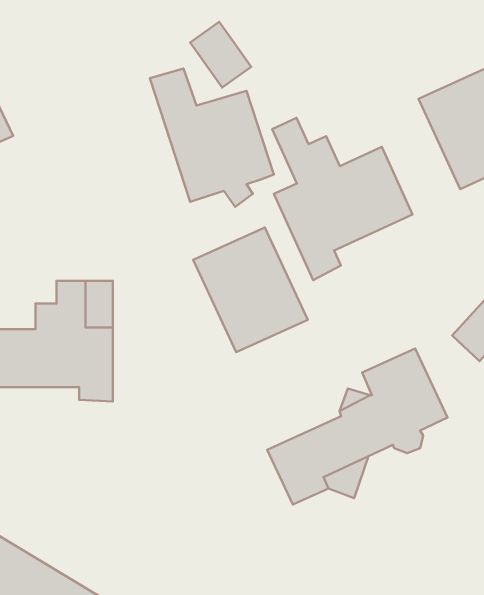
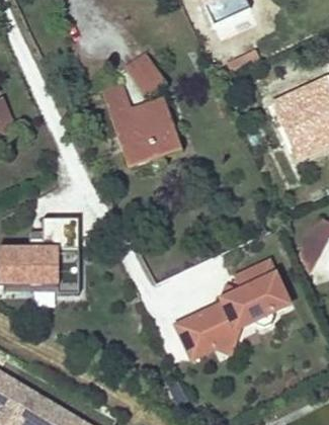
building: [272,118,413,280] -> none
building: [193,227,308,352] -> none

